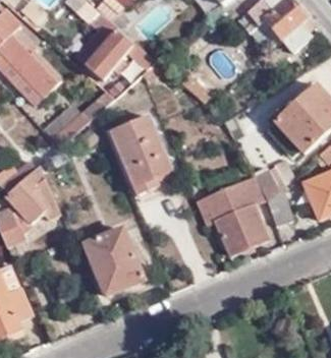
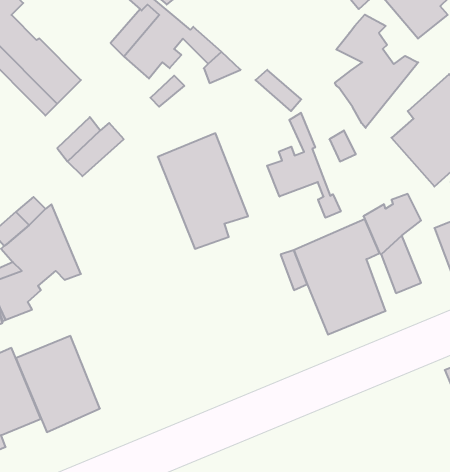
building: none -> [335,15,418,128]
building: none -> [267,113,341,218]
building: [85,230,143,296] -> [16,336,100,432]

